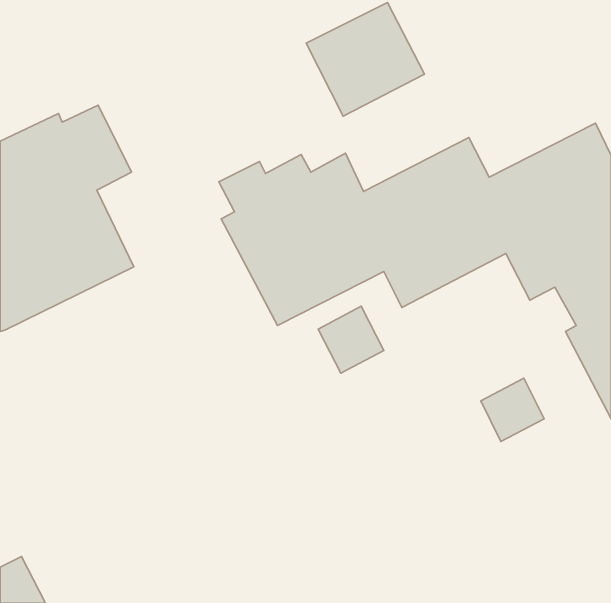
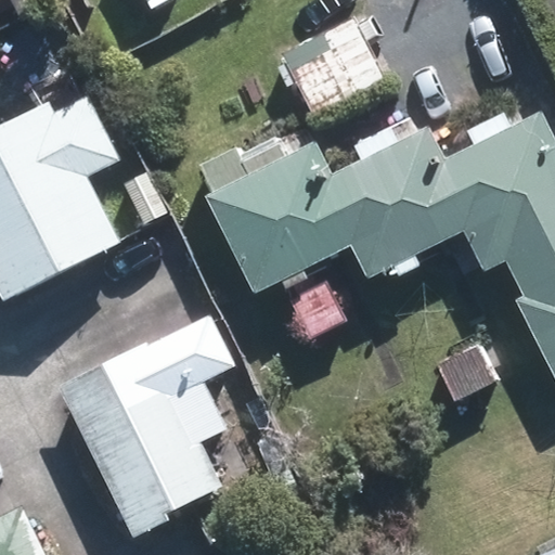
building: none -> [62,341,229,532]

